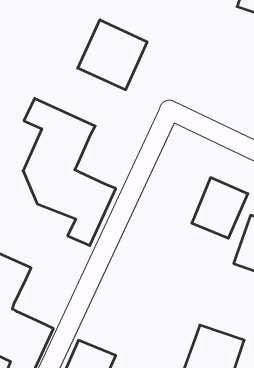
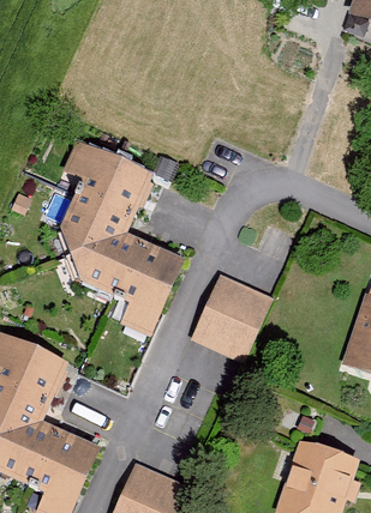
building: [78,20,147,90] -> none
building: [192,178,248,238] -> [195,271,270,352]

